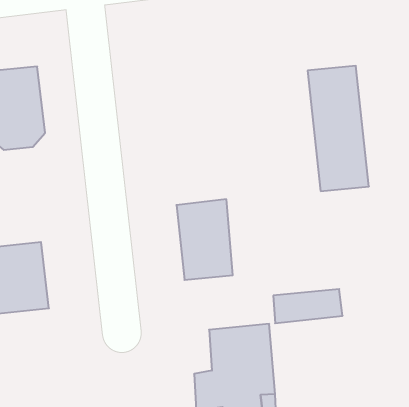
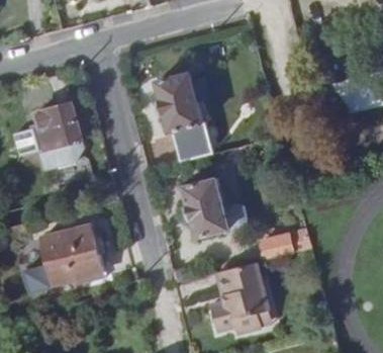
building: [308,66,369,191] -> [156,73,210,164]

